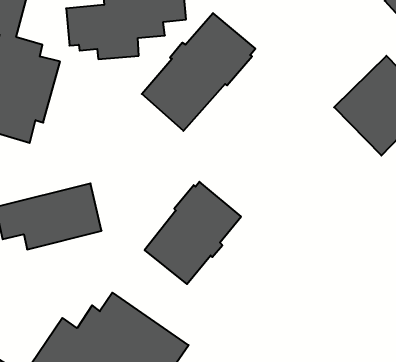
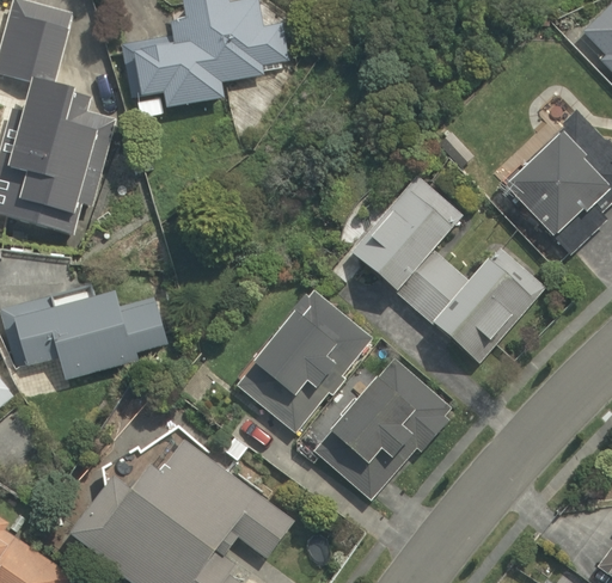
building: [142,13,255,131] -> none
building: none -> [356,178,551,367]
building: none -> [311,356,449,499]

